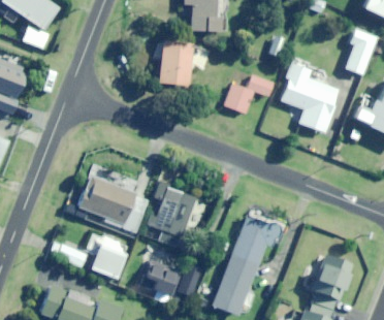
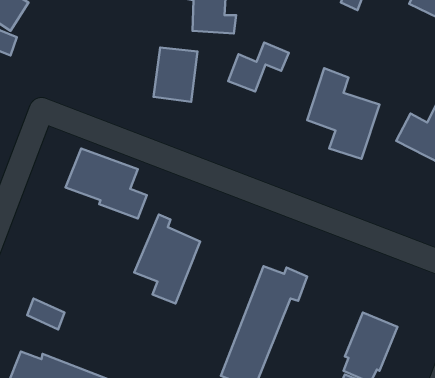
building: [345,27,377,73] -> none
building: [224,74,273,114] -> [228,43,289,92]
building: [77,177,142,232] -> [66,149,147,218]
building: [85,231,126,280] -> none
building: [138,259,194,297] -> none

